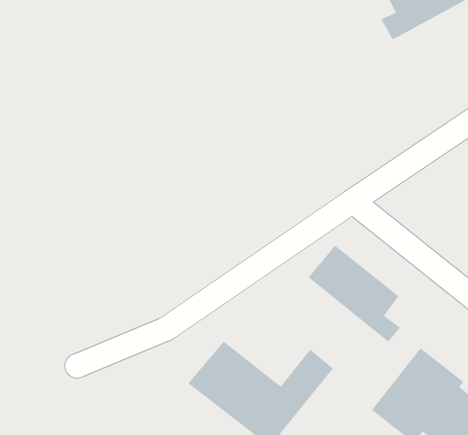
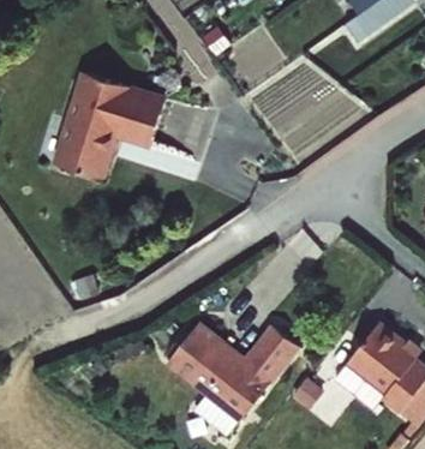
building: none -> [52,60,161,160]
building: [308,245,401,343] -> none

